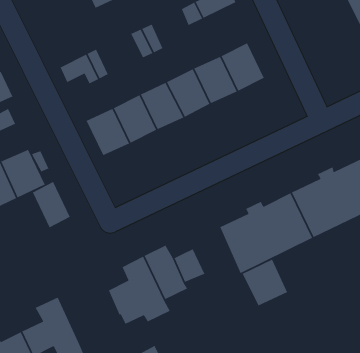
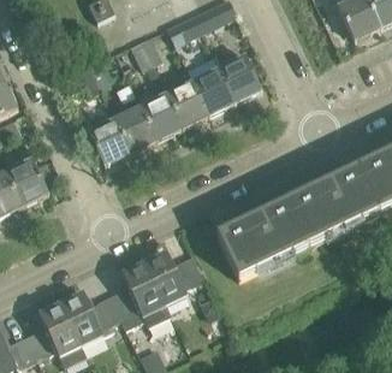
building: [32,181,71,228] -> none
building: [241,258,288,307] -> none
building: none -> [61,290,120,344]

